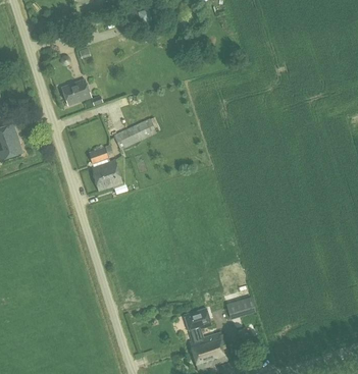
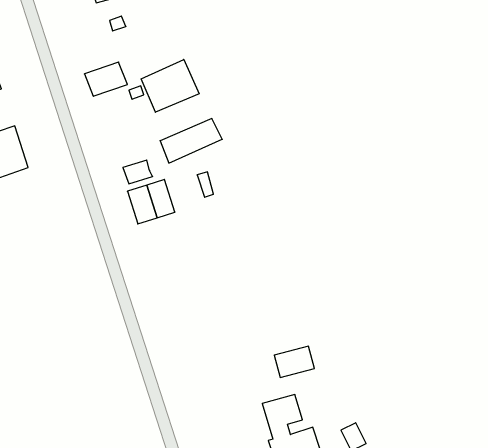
building: none -> [141,59,199,112]
building: [226,296,254,317] -> [274,346,314,377]

